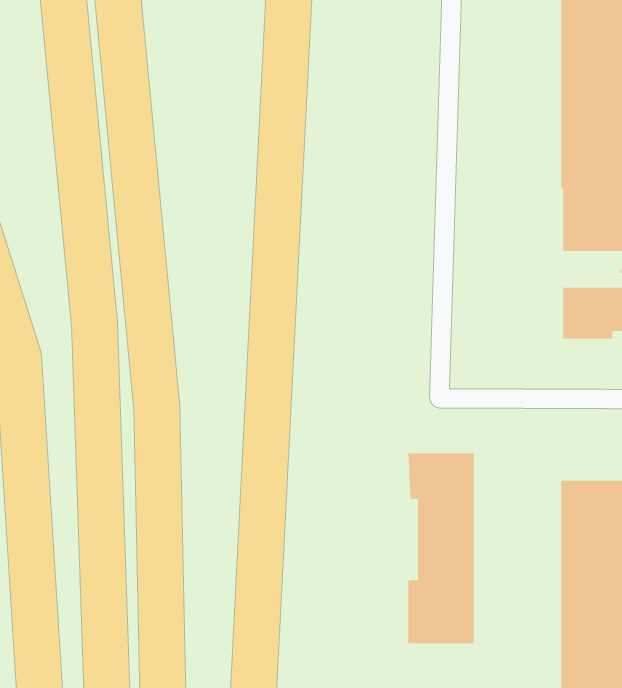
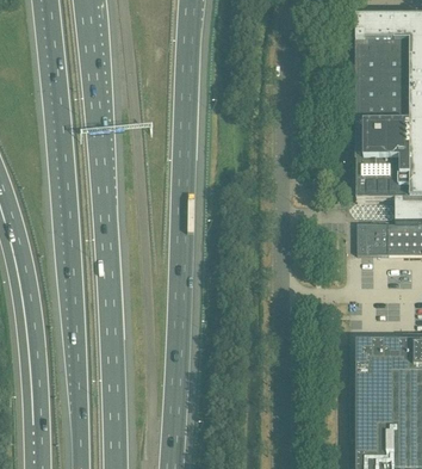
building: [407,453,475,644] -> none

